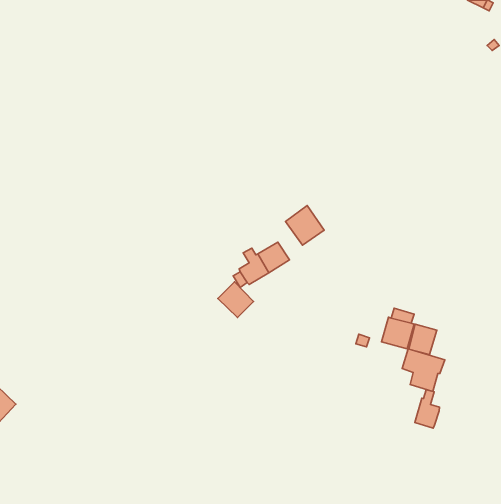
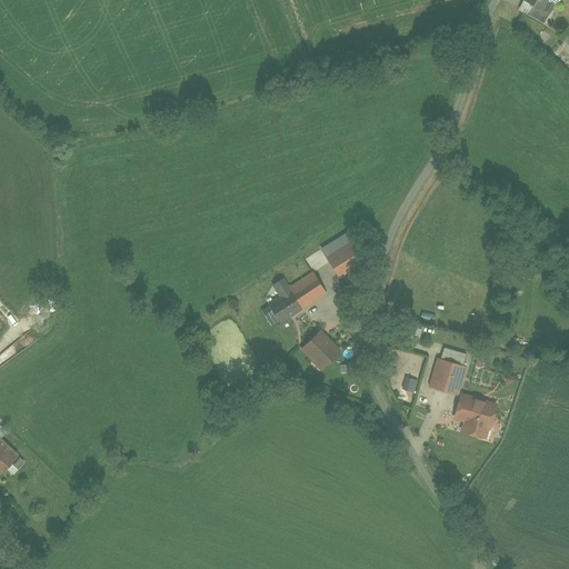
building: [218,282,253,317] -> [300,330,340,370]
building: [409,324,437,354] -> none
building: [415,390,440,428] -> none

